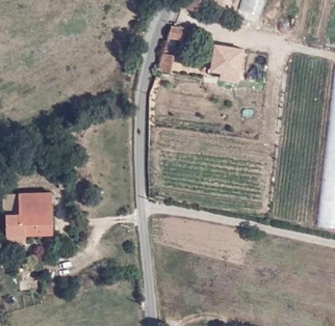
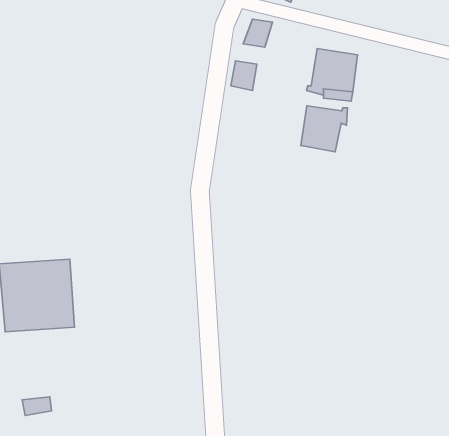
building: none -> [301,106,347,152]

